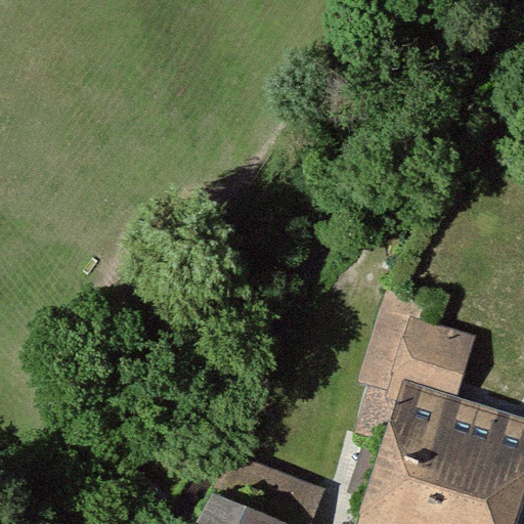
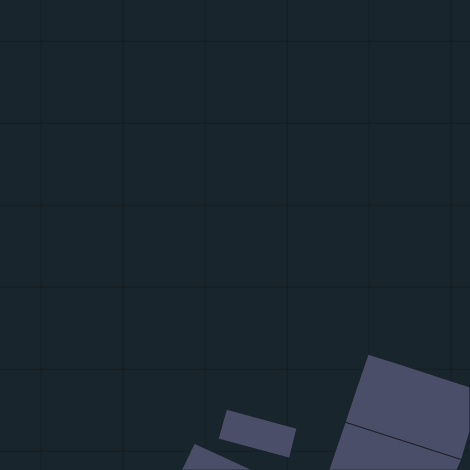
building: [365,293,470,433] -> none

